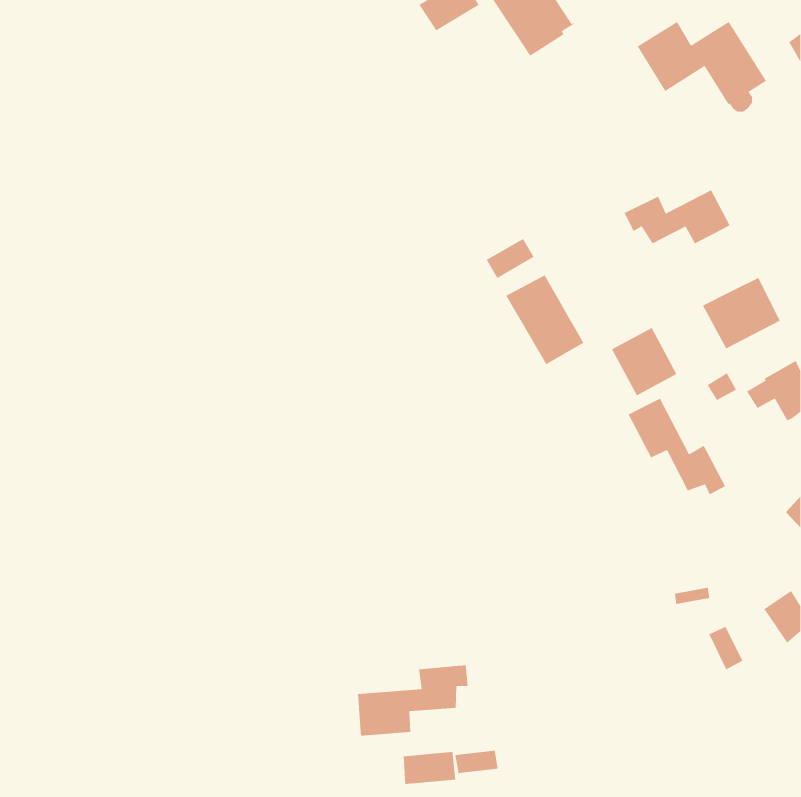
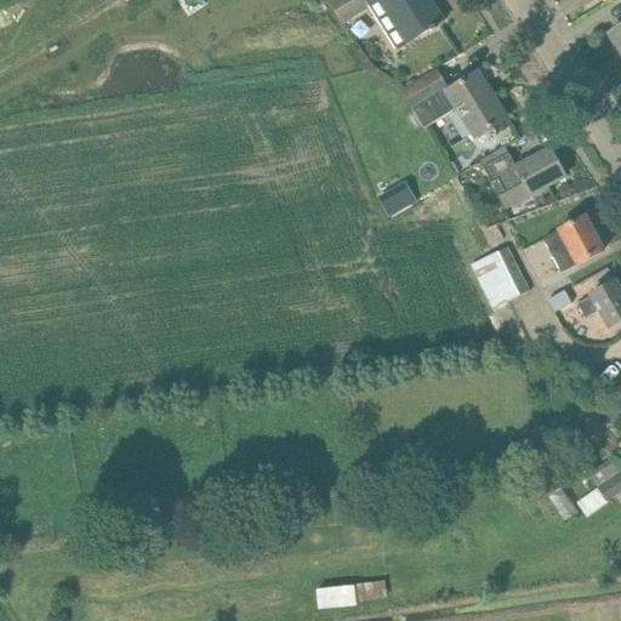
building: [637,21,767,112] -> [406,70,507,141]
building: [506,275,584,365] -> none
building: [628,398,726,495] -> none
building: [357,664,468,736] -> none

